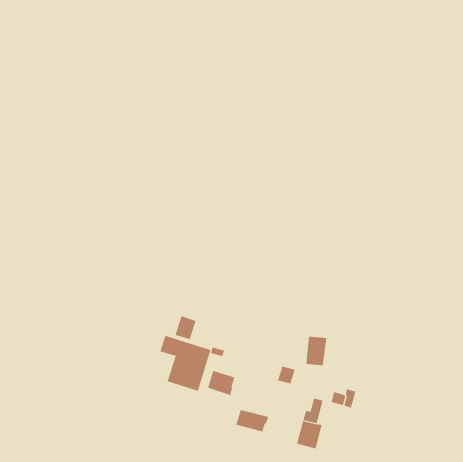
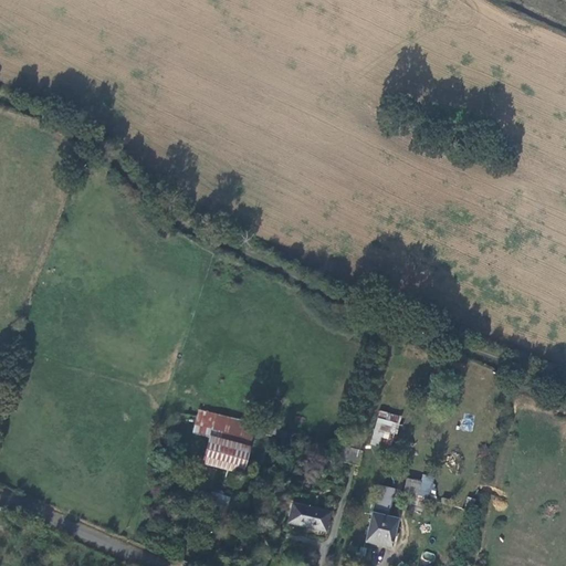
building: [175,315,196,340] -> none
building: [207,370,235,396] -> none

